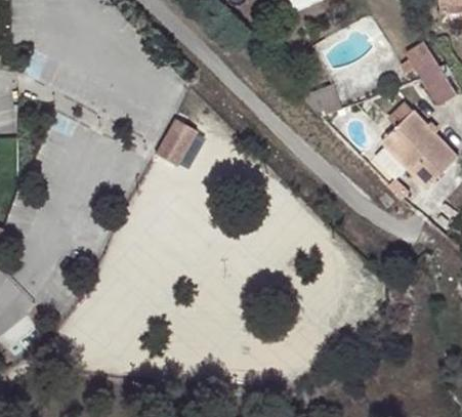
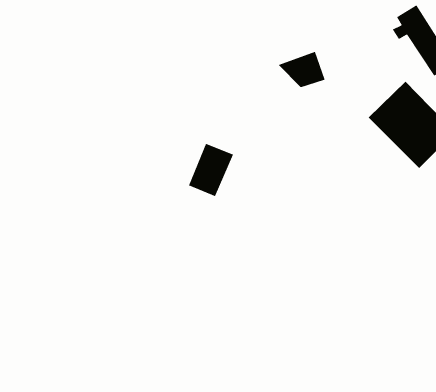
building: [157,115,198,163] -> [188,143,234,197]

